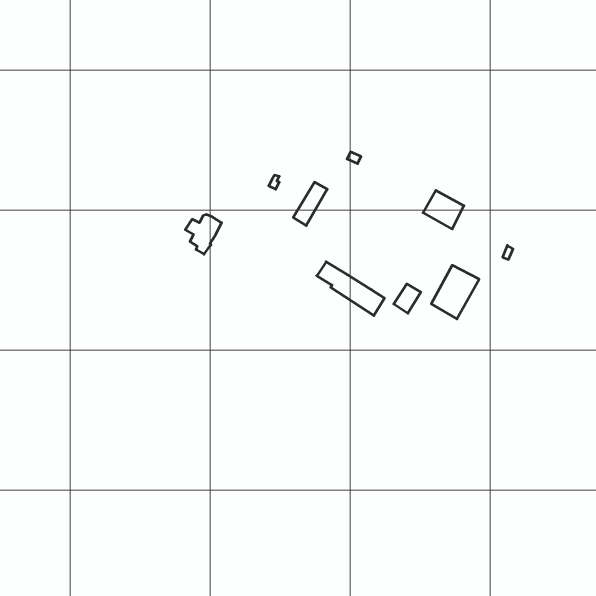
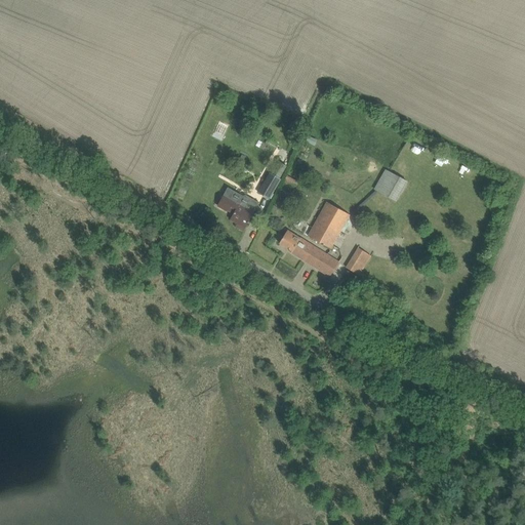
building: [185,215,222,254] -> [226,195,257,230]
building: [431,265,479,319] -> [308,201,350,248]

